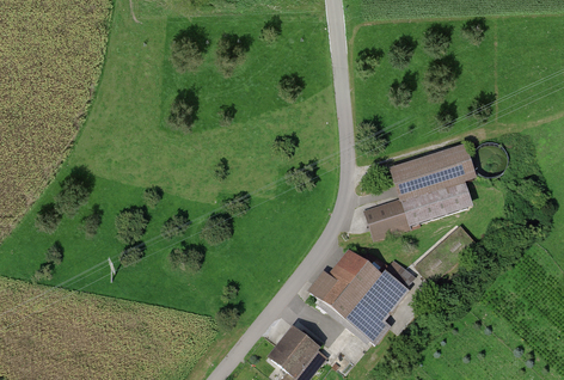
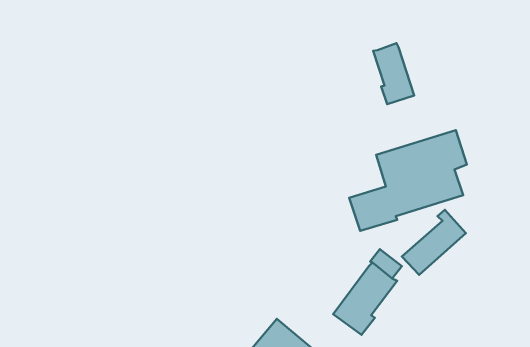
building: none -> [373,43,414,104]
building: [307,250,381,323] -> none

